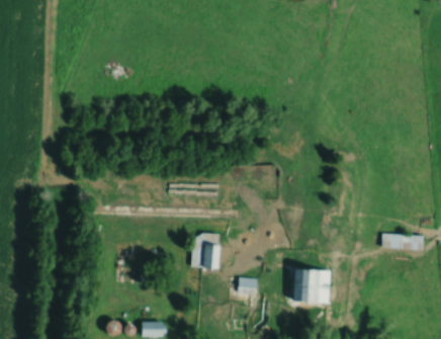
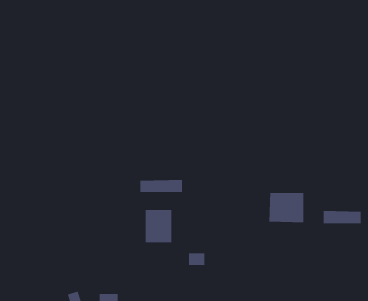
building: none -> [140,179,183,193]
building: [292,269,331,303] -> [269,192,304,223]

